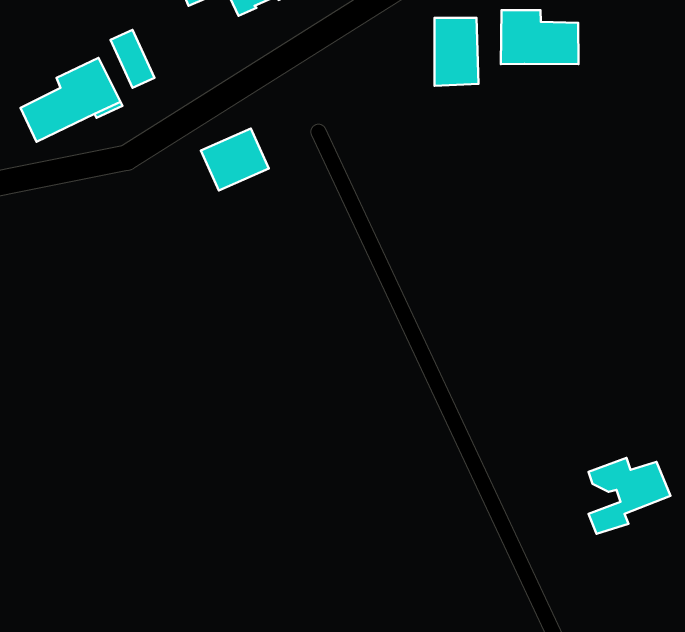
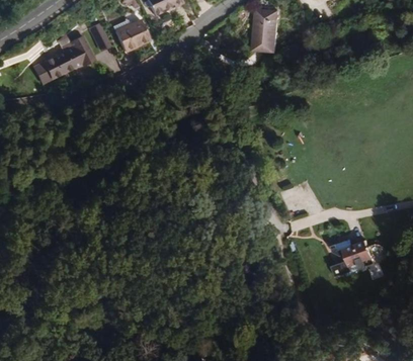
building: [501,10,578,64] -> none
building: [201,129,269,191] -> [114,17,149,49]

